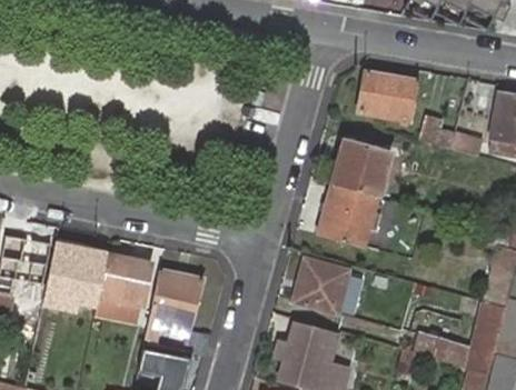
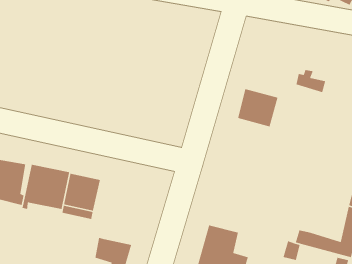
building: [359,69,425,120] -> none
building: [320,181,383,247] -> none
building: [292,259,361,317] -> none
building: [147,267,202,343] -> none

